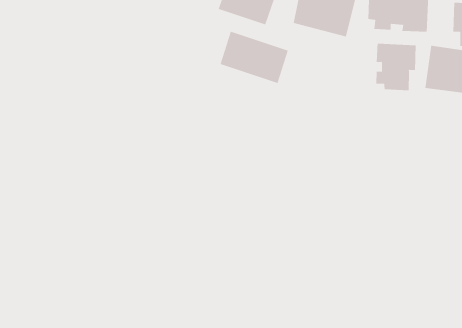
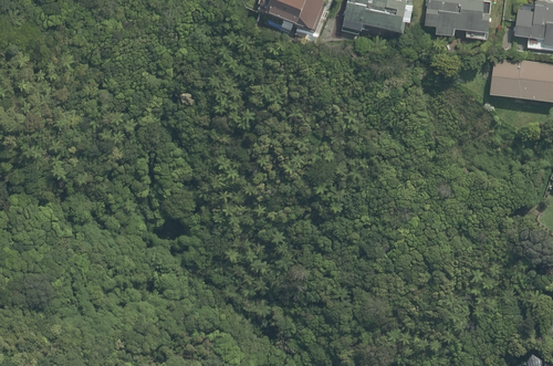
building: [220,31,289,84] -> none
building: [376,43,416,91] -> none

